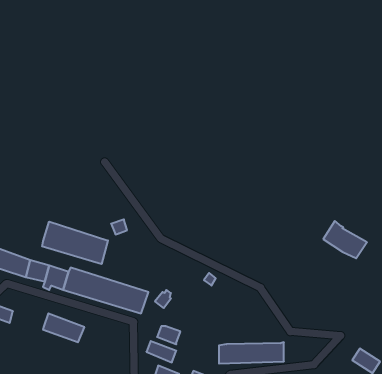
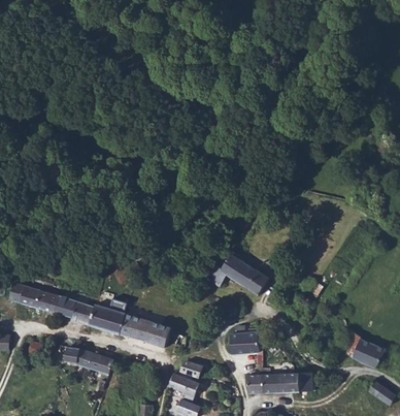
building: none -> [203,255,265,293]
building: [323,221,367,258] -> [340,331,382,367]
building: [42,222,108,264] -> none
building: none -> [225,328,254,356]

